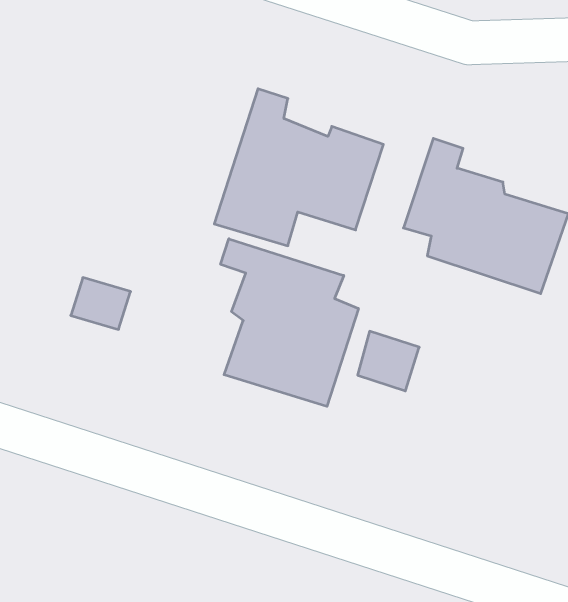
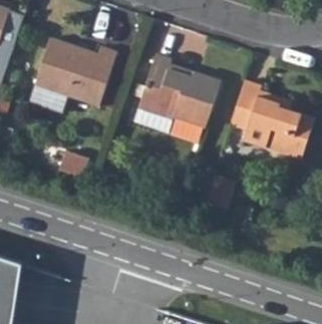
building: none -> [36,38,118,107]
building: [221,239,358,406] -> none

